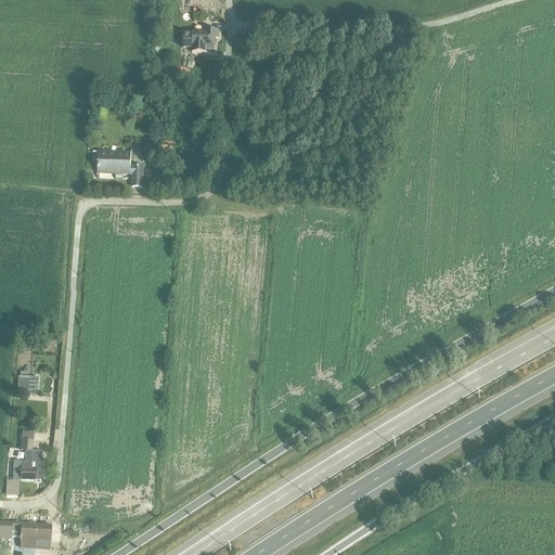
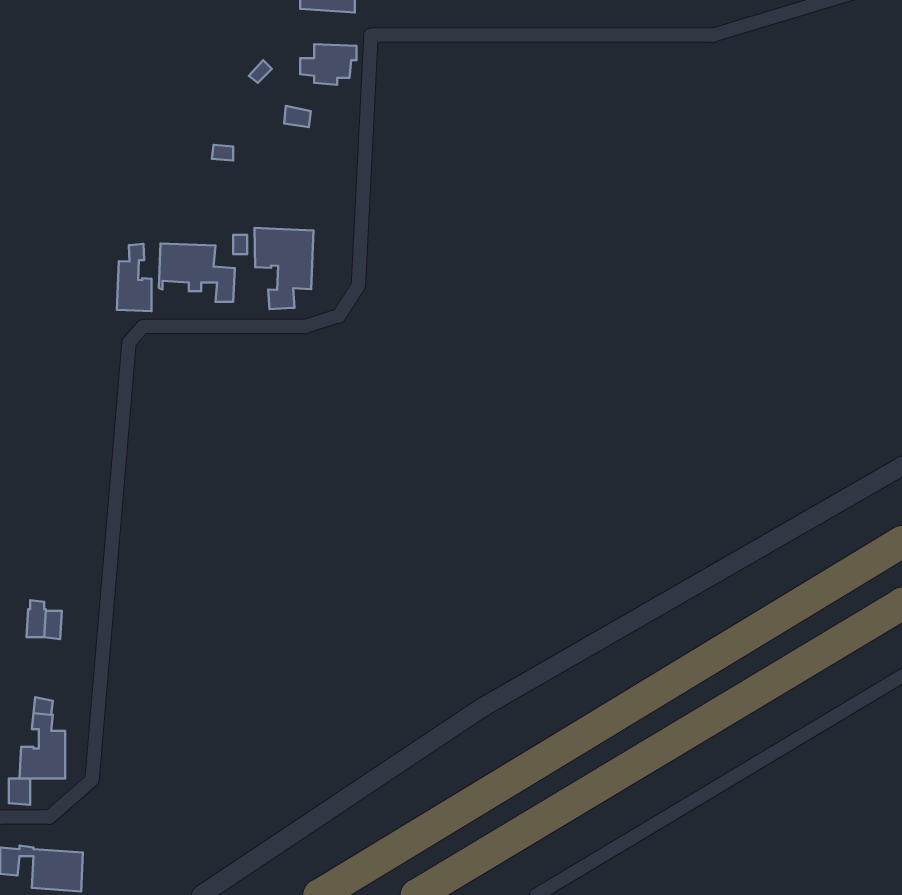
building: none -> [255,228,314,309]
building: none -> [117,244,152,311]

